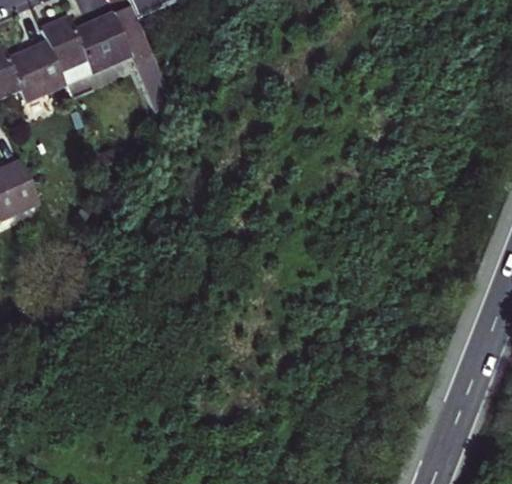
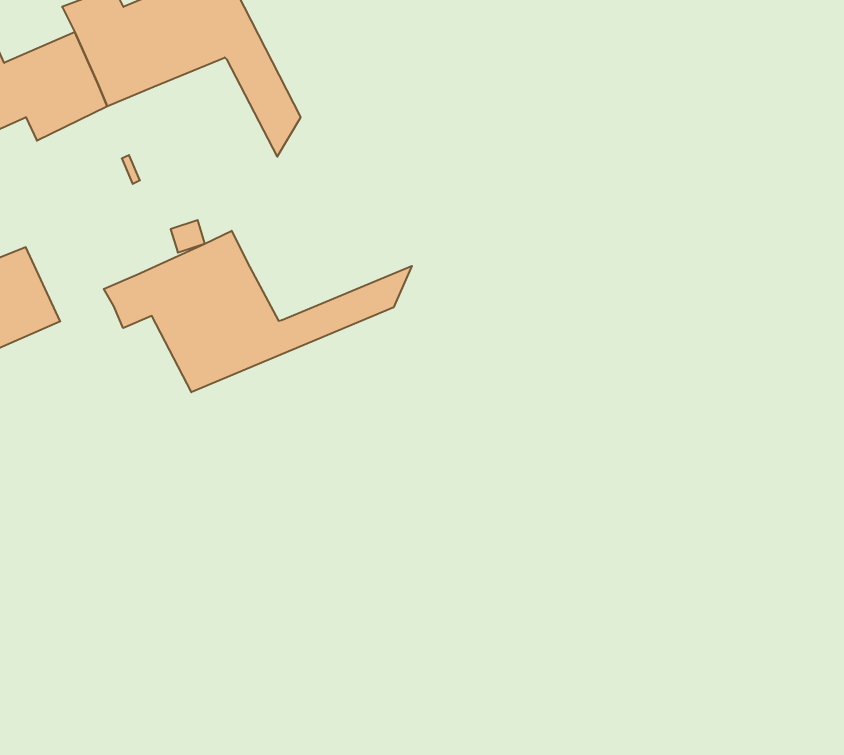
building: none -> [104,231,412,392]

